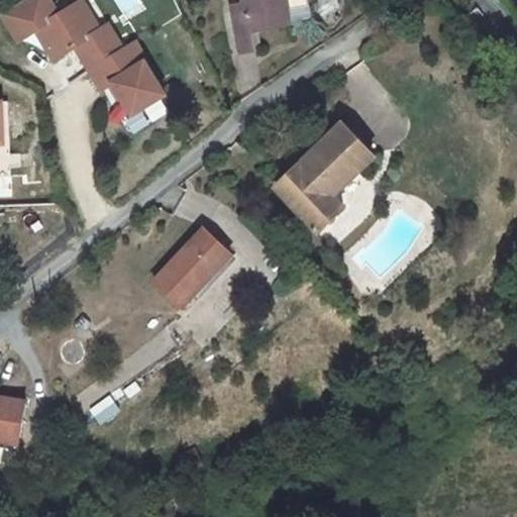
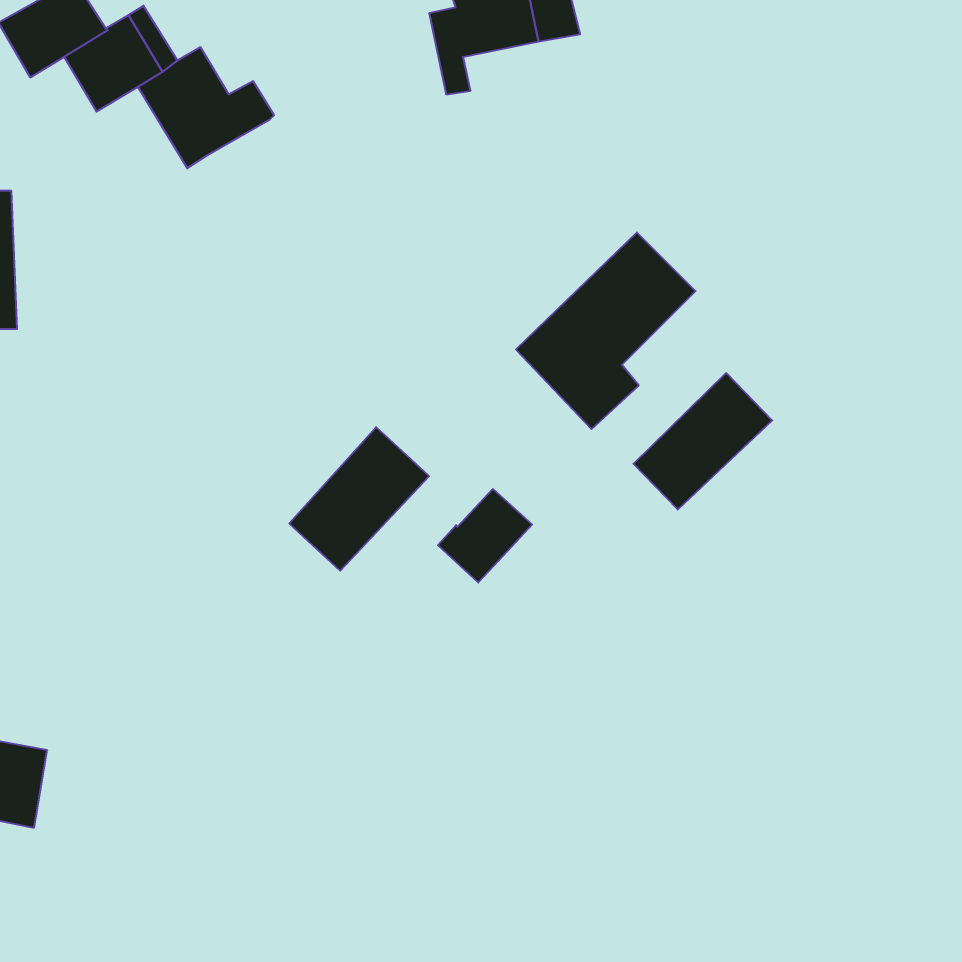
building: [111,64,164,115] -> none
building: none -> [633,373,772,510]
building: none -> [438,489,532,583]

